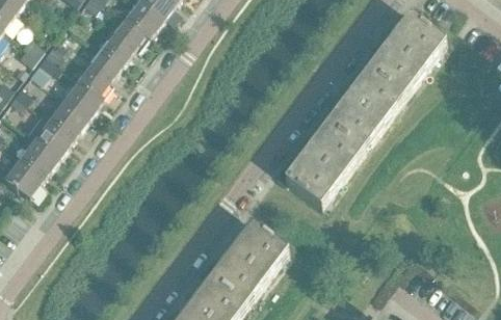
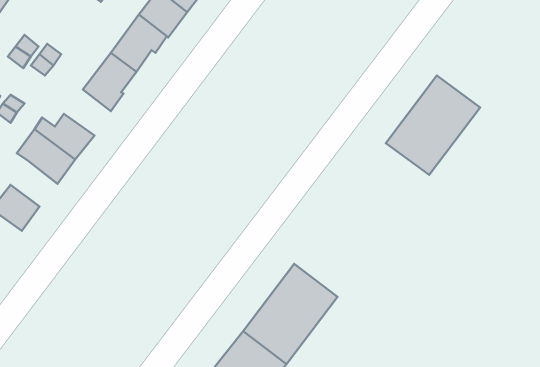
building: [368,14,445,95] -> none
building: [63,80,103,117] -> none
building: [284,124,362,205] -> none
building: [20,138,58,176] -> none

